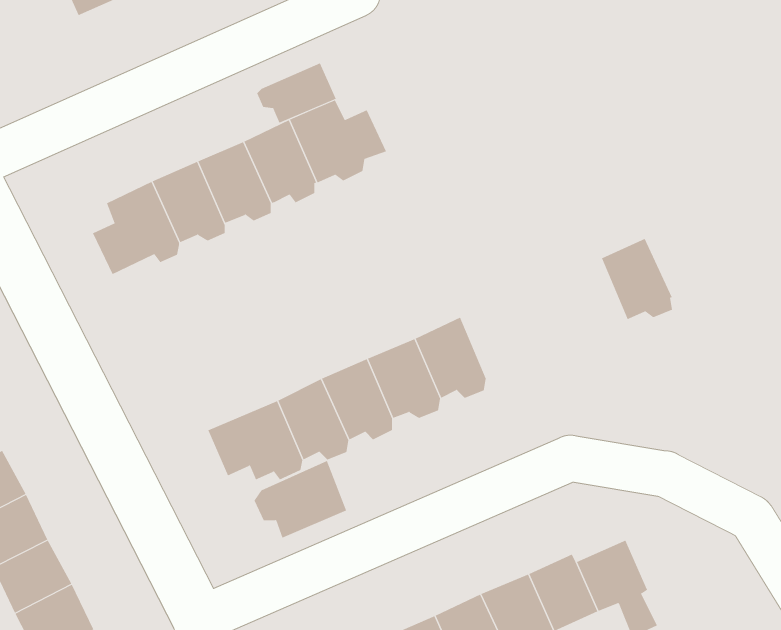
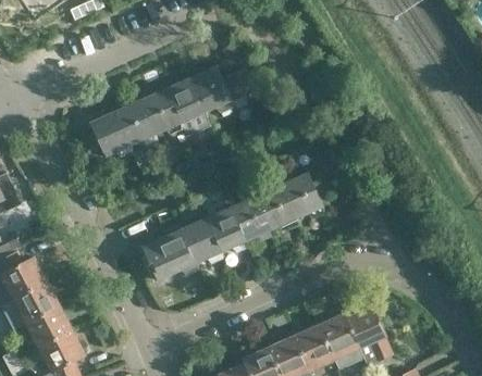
building: [257,62,336,123] -> none
building: [601,238,673,320] -> [283,175,322,220]
building: [254,460,347,539] -> none

